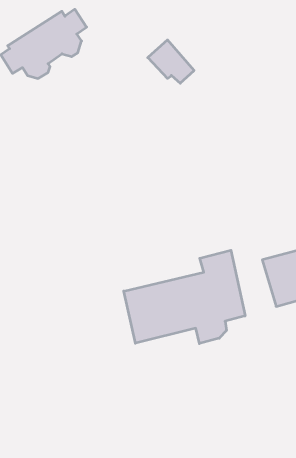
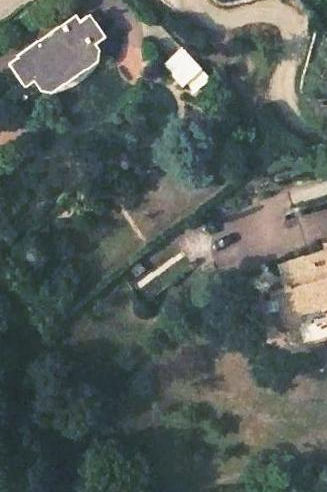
building: [124,250,245,344] -> none

